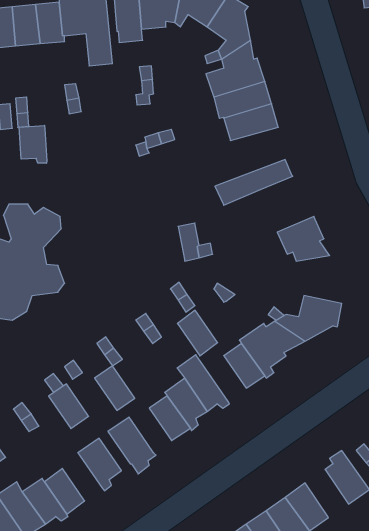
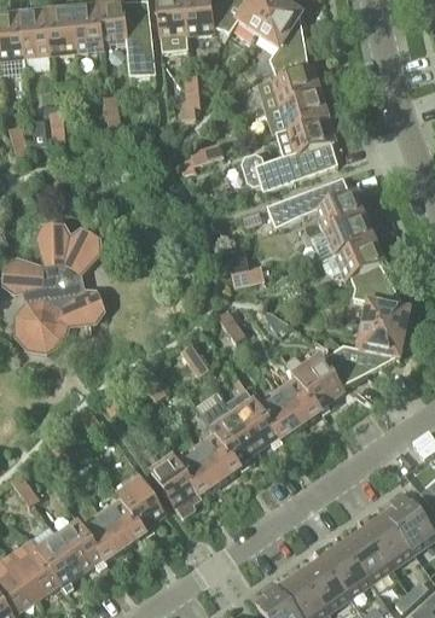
building: [19,125,47,163] -> none
building: none -> [240,142,337,191]
building: none -> [315,191,373,255]
building: none -> [353,280,410,332]
building: [177,310,218,356] -> [256,389,300,438]
building: [95,366,135,410] -> [175,445,219,494]
building: [49,384,89,429] -> [100,497,144,546]
building: none -> [364,512,411,564]

